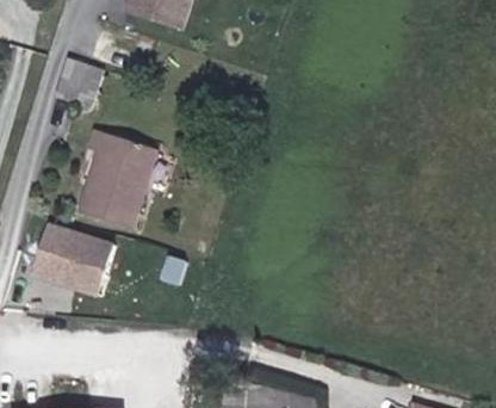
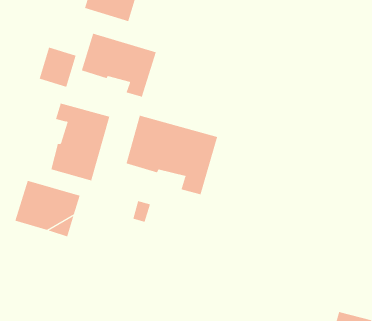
building: none -> [81,33,156,98]
building: none -> [126,115,218,195]

